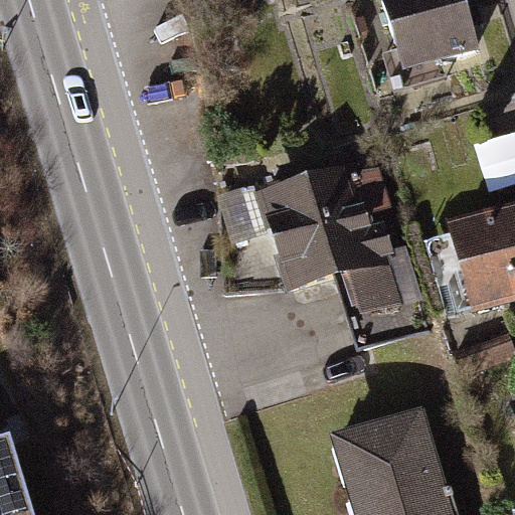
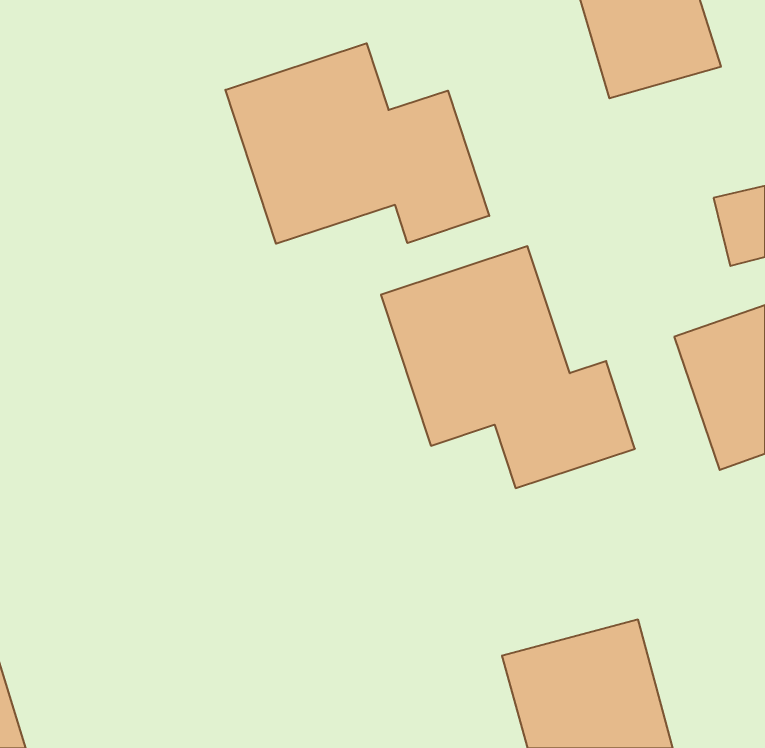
building: none -> [225,43,489,244]

